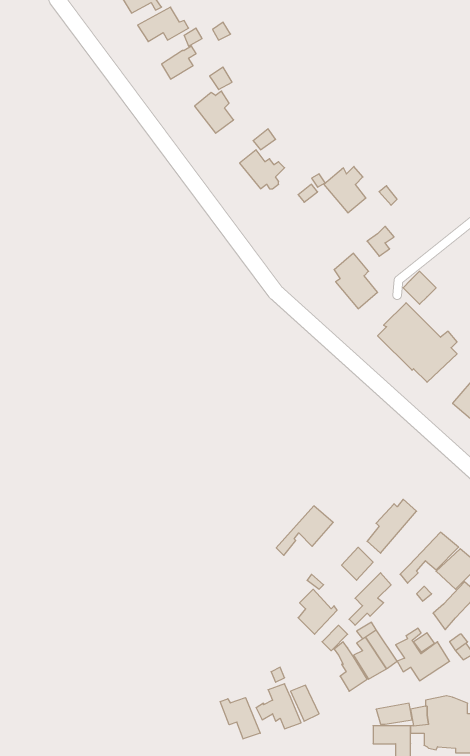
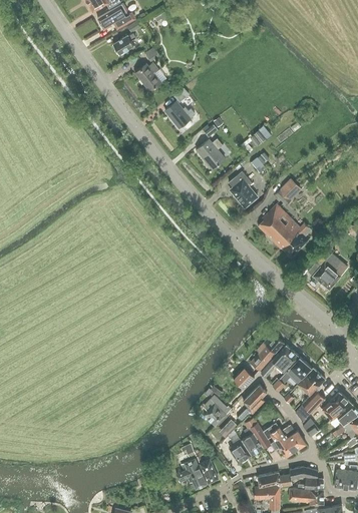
building: [324,166,366,213] -> [197,137,225,168]
building: [276,506,333,555] -> [261,345,299,378]
building: [220,698,260,739] -> none

